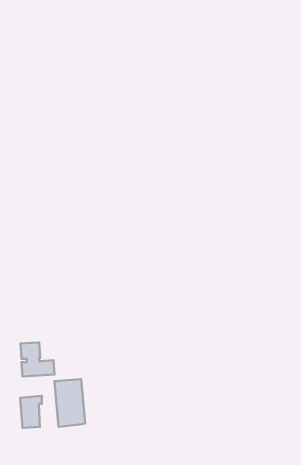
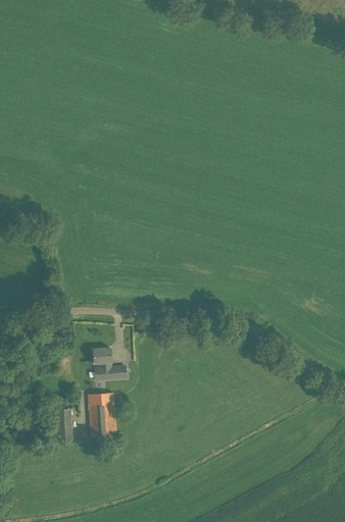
building: [21,342,55,377] -> [92,347,126,380]

